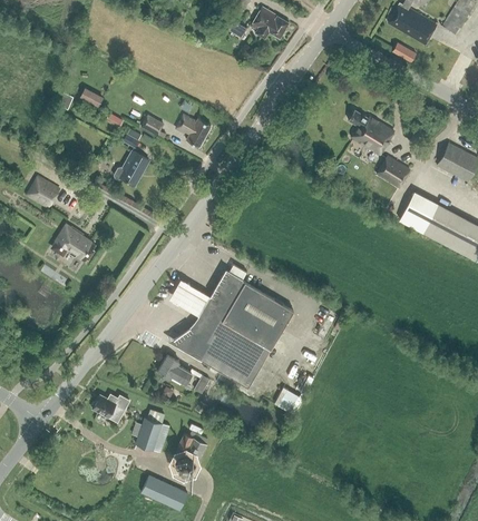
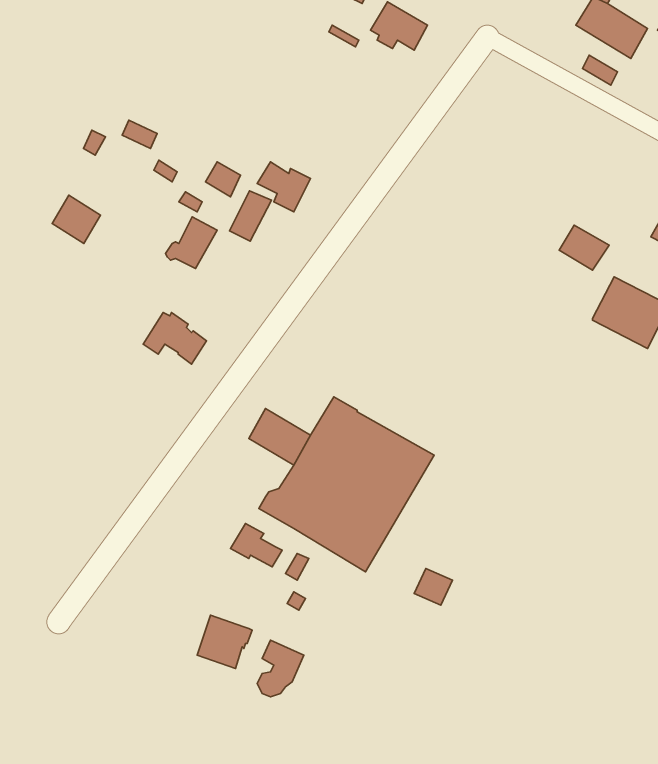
building: [348,109,394,155] -> none
building: none -> [230,191,272,241]
building: [27,176,59,208] -> [52,195,101,243]
building: [52,226,95,260] -> [143,313,206,364]
building: [91,394,129,422] -> none
building: [140,475,187,510] -> none

